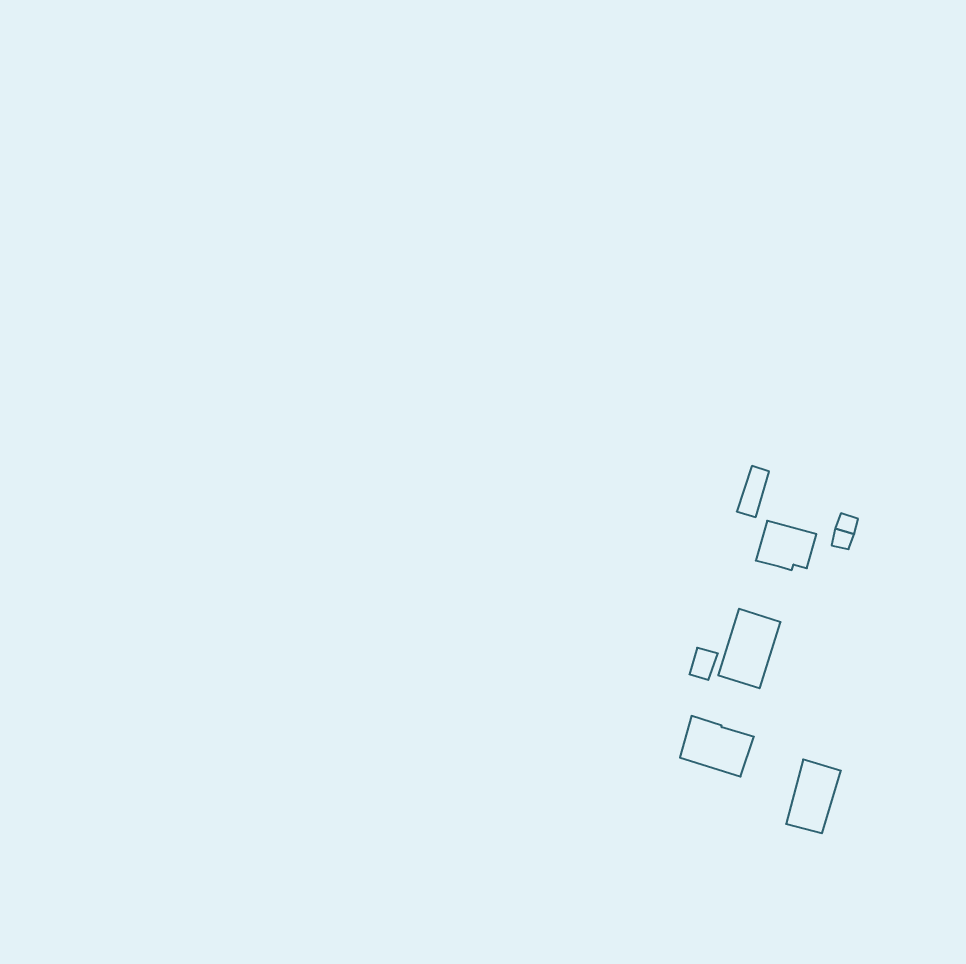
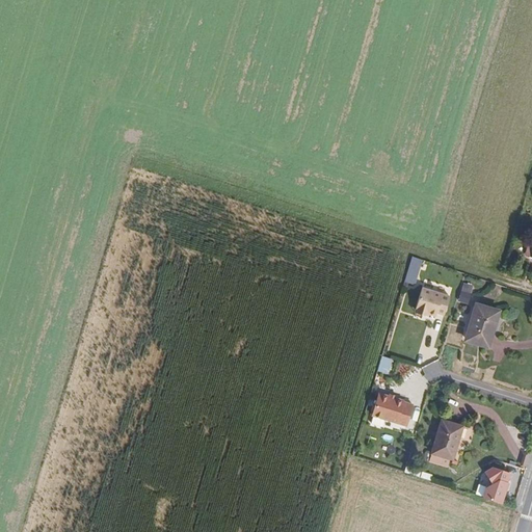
building: [718,609,781,688] -> [463,303,498,347]
building: none -> [482,479,508,504]

